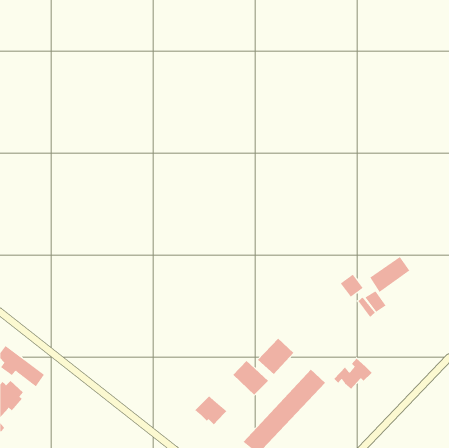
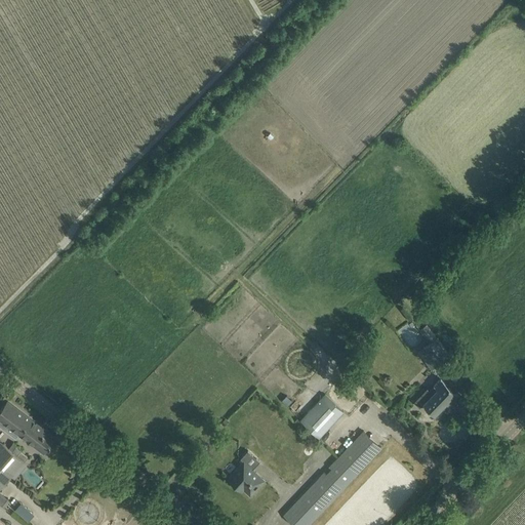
building: [370,256,410,293] -> none
building: [334,358,372,390] -> [413,379,458,416]
building: [233,360,269,395] -> none

